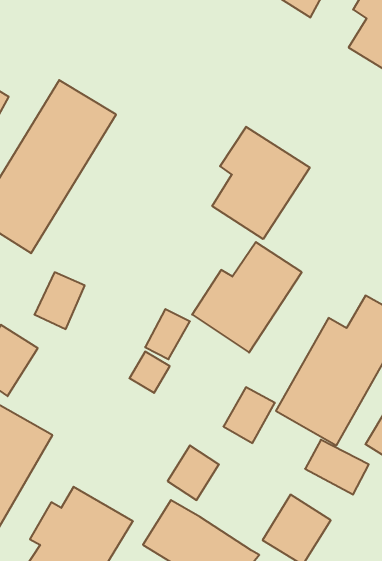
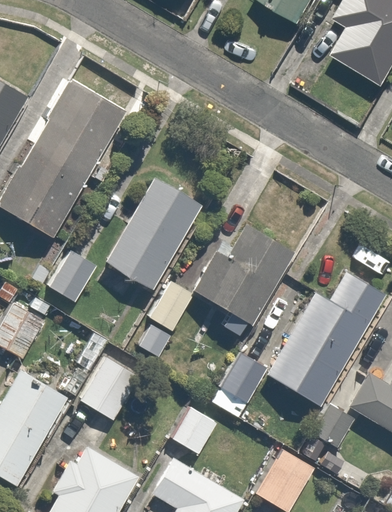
building: [212,127,310,239] -> none
building: none -> [104,184,197,291]
building: none -> [82,358,140,421]

